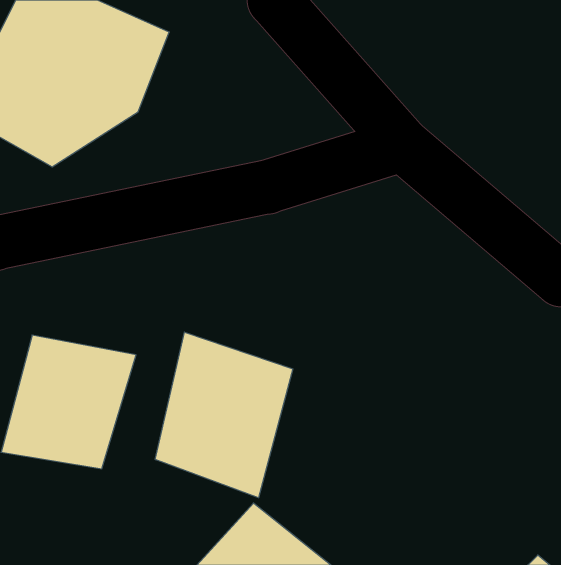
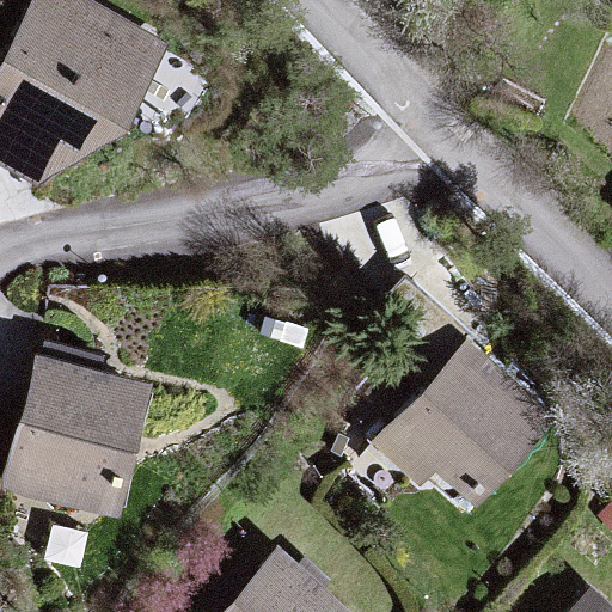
building: none -> [375,343,551,519]
building: [155,332,293,498] -> none

